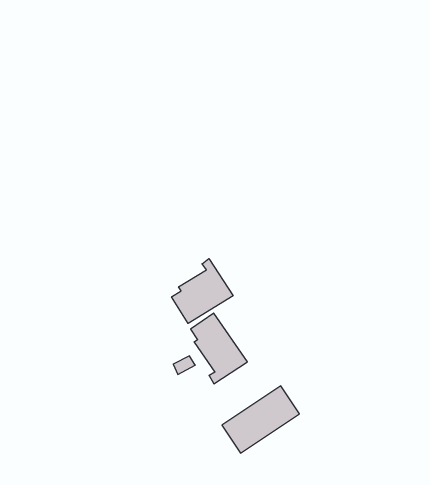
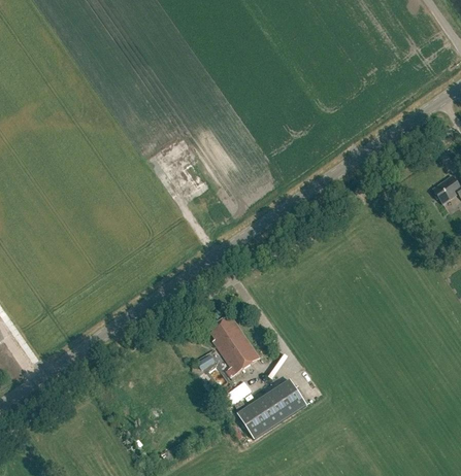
building: [172,259,233,323] -> none

